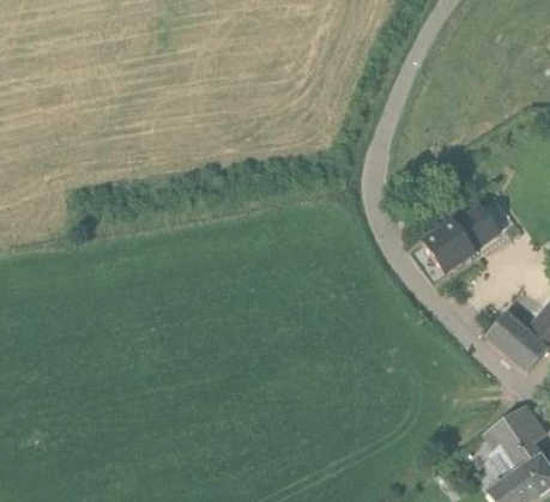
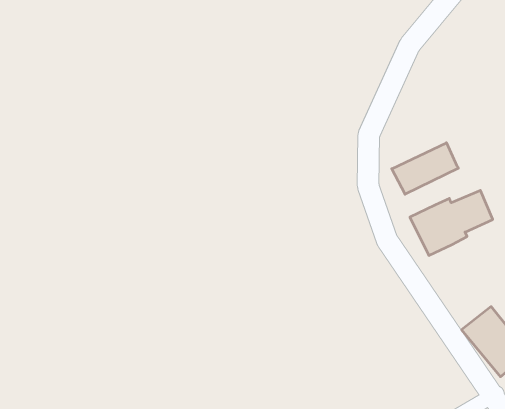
building: none -> [392,143,458,194]

